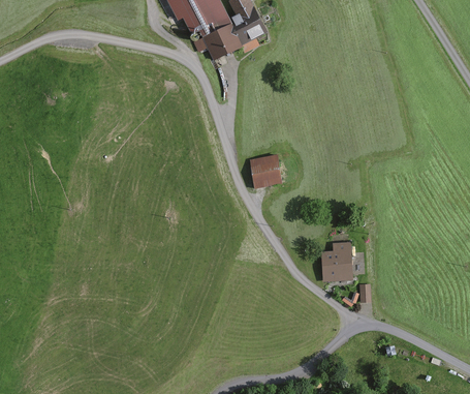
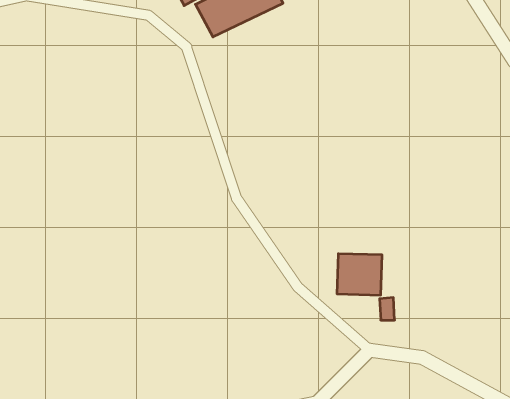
building: [245,155,282,189] -> none

